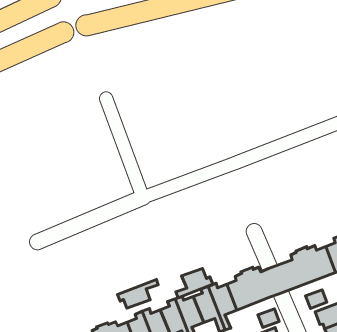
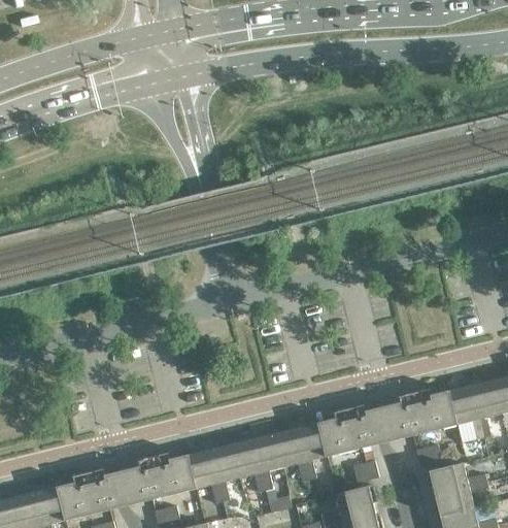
building: [176,268,213,298] -> none
building: [117,280,158,308] -> none

